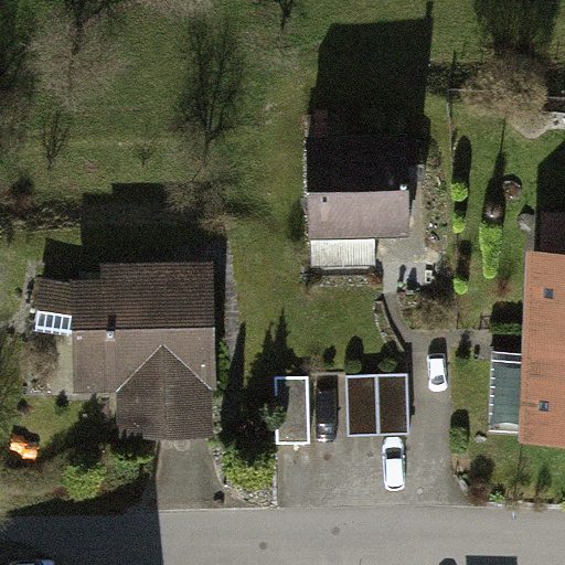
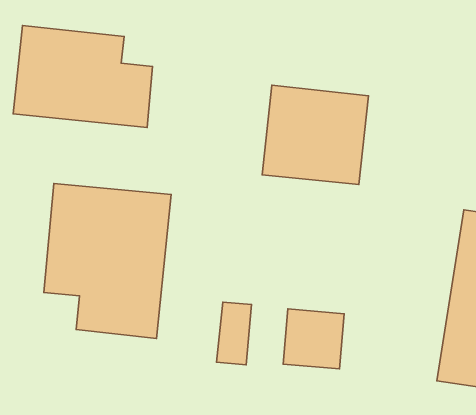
building: none -> [13,26,153,127]

